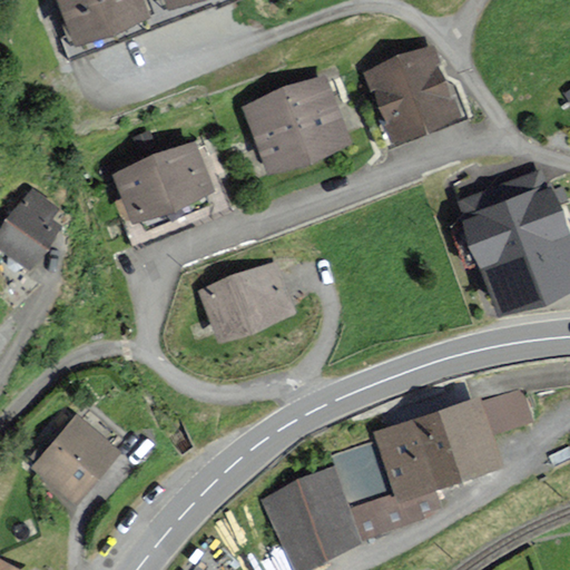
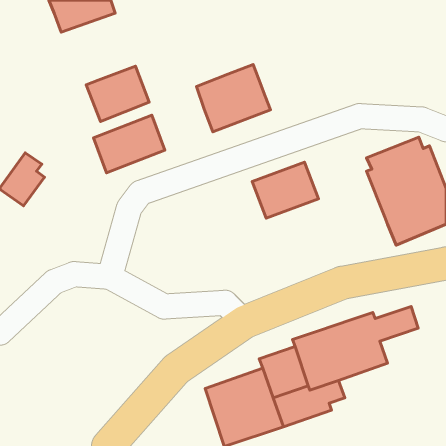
building: [372,49,458,141] -> none
building: none -> [86,66,149,122]
building: [204,267,288,338] -> [252,162,319,218]
building: [36,420,116,501] -> none

